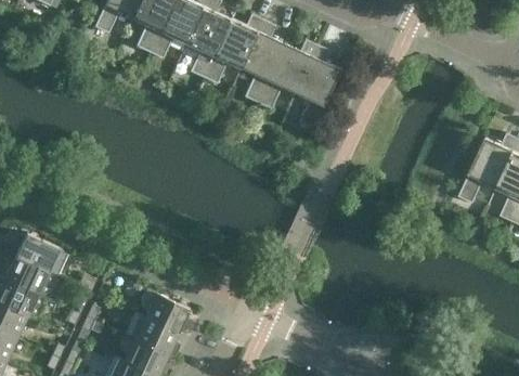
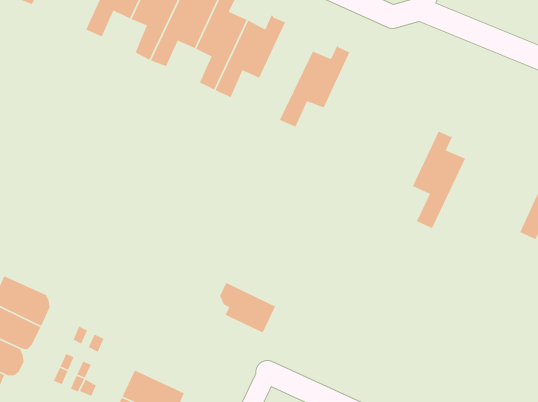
building: [241,20,285,103] -> none
building: [295,44,340,129] -> [412,128,466,229]
building: [141,288,189,332] -> [219,282,276,333]

